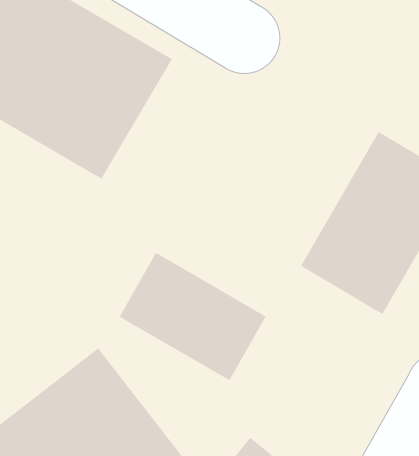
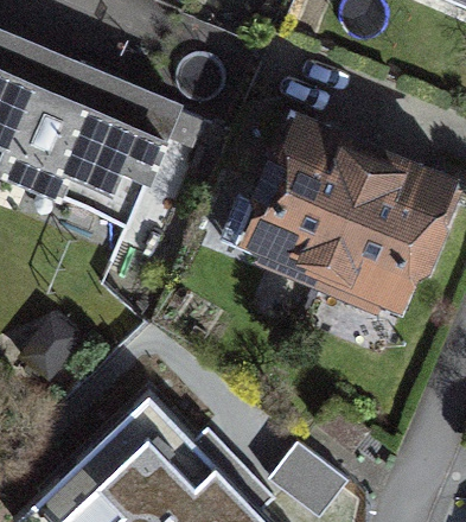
building: none -> [244,117,381,284]
building: [119,252,266,381] -> none

